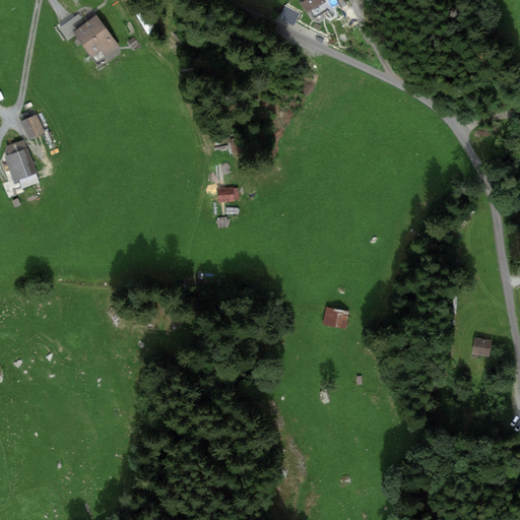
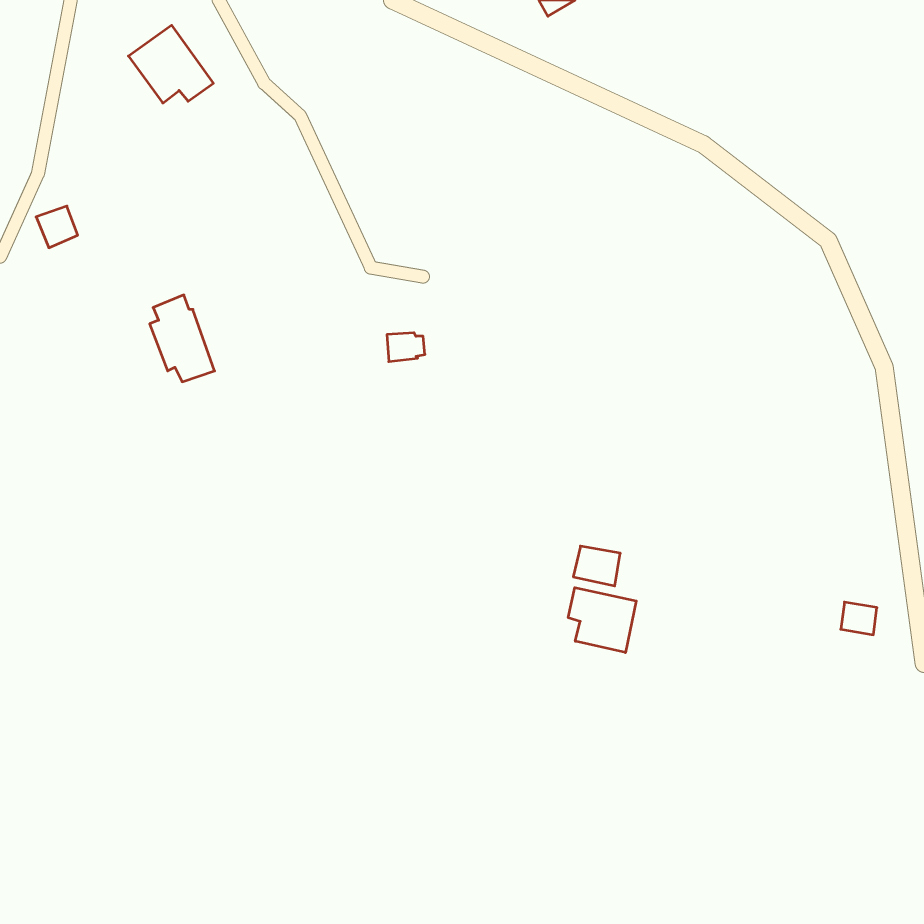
building: [4,140,41,189] -> [150,295,215,382]
building: none -> [568,588,636,653]

